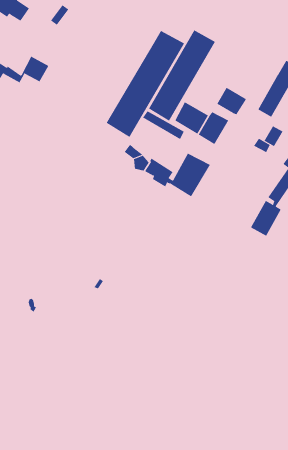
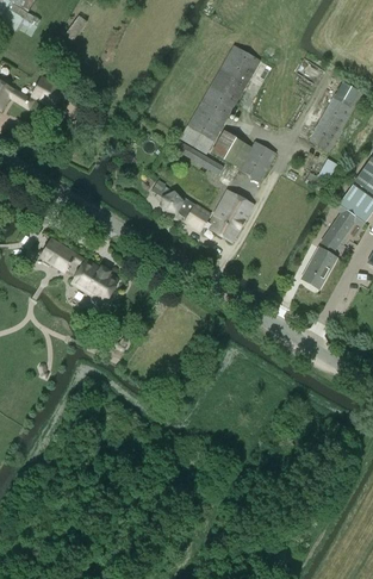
building: [106,30,185,138] -> none
building: [216,87,247,115] -> none
building: none -> [39,238,119,307]

